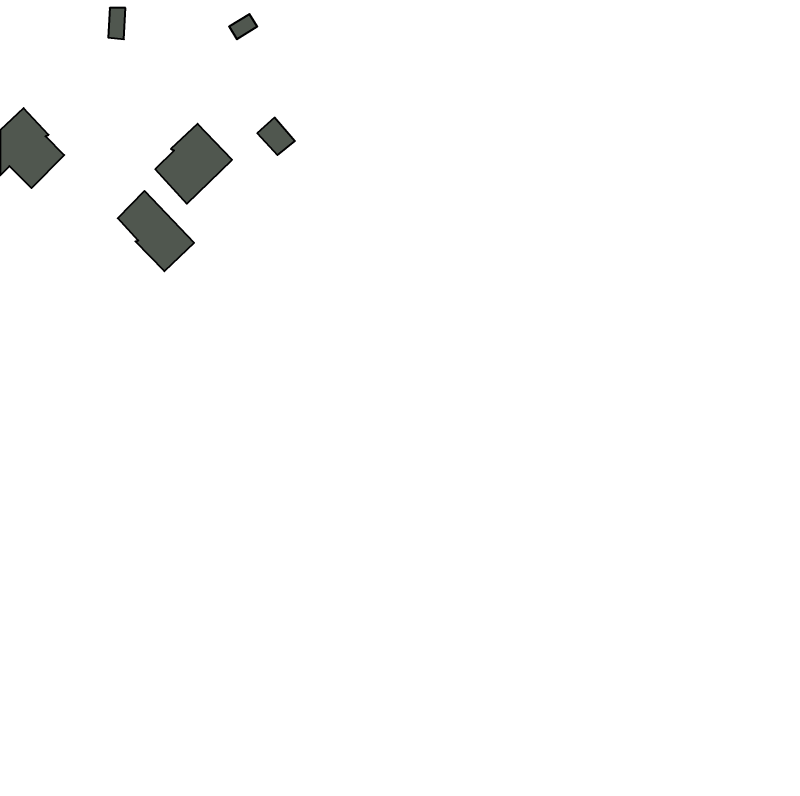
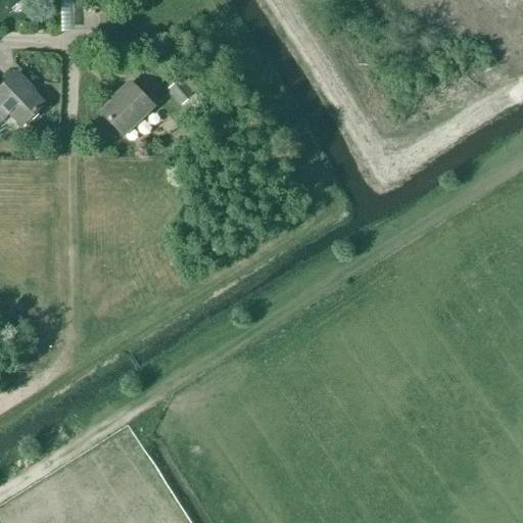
building: [118,191,194,271] -> none

